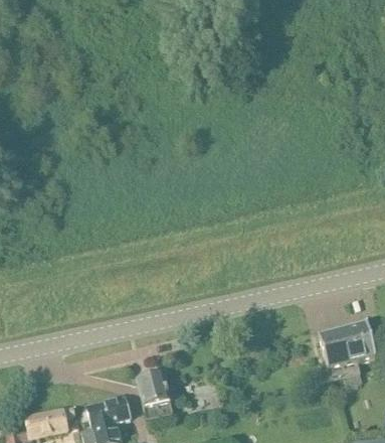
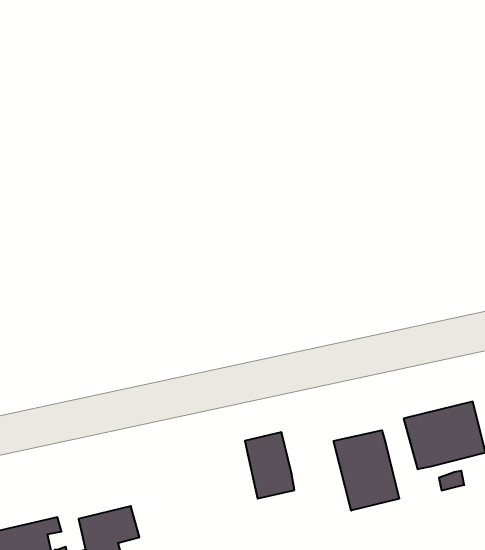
building: none -> [334,430,399,511]
building: [138,373,173,420] -> [245,432,294,499]

